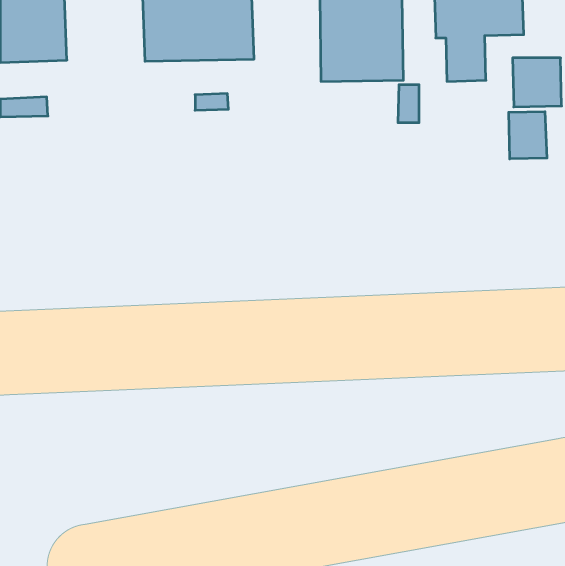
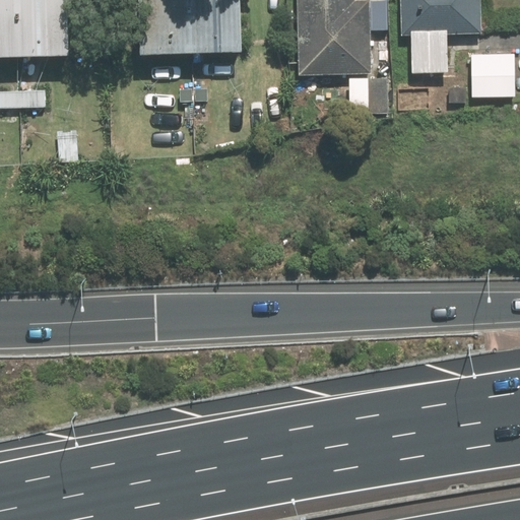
building: [509,112,547,159] -> none

